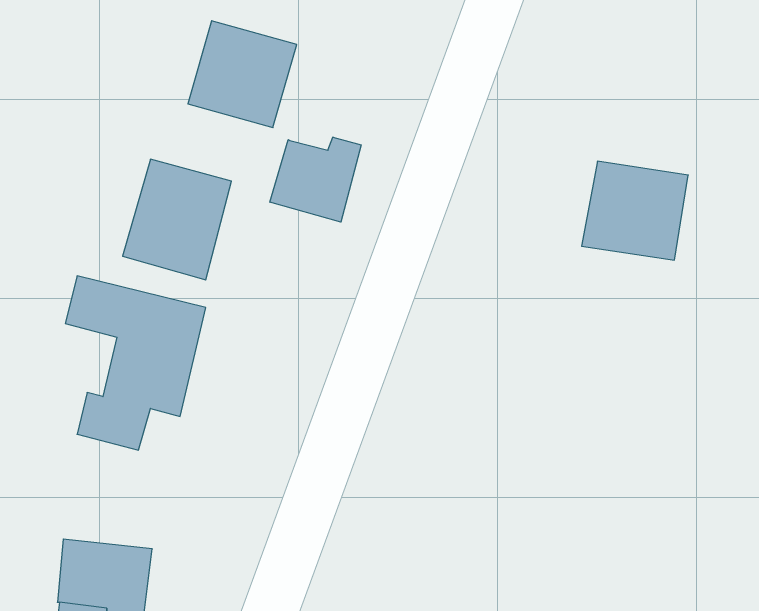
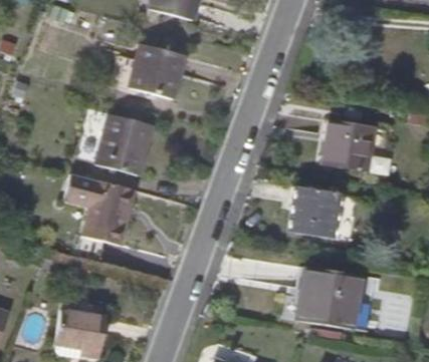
building: [270,137,361,222] -> none
building: none -> [291,185,341,237]
building: none -> [299,273,360,319]

